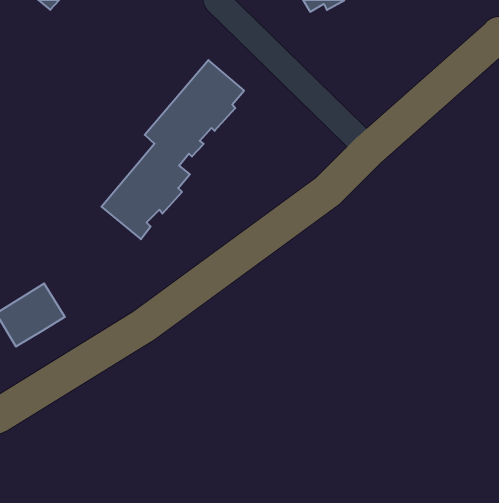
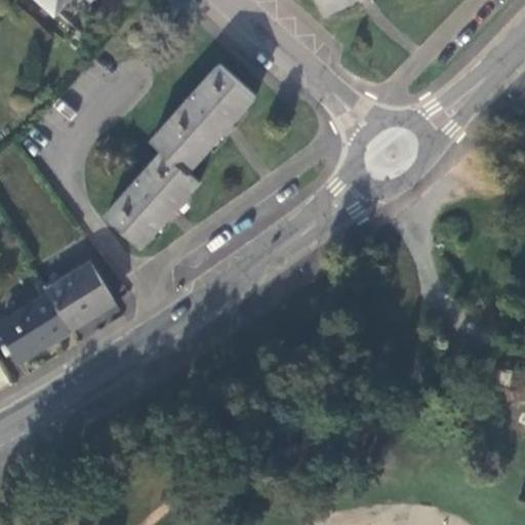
building: none -> [44,265,111,330]

